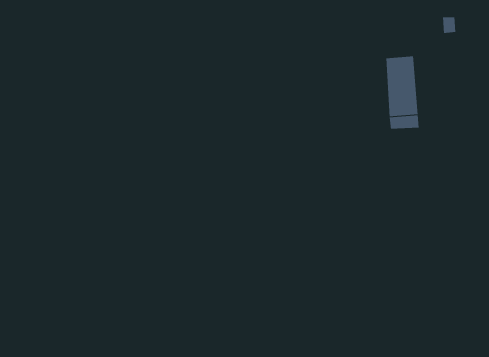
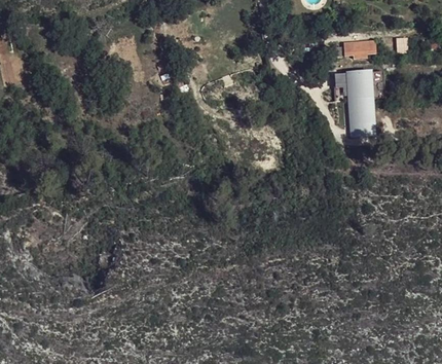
building: none -> [342,41,374,58]

